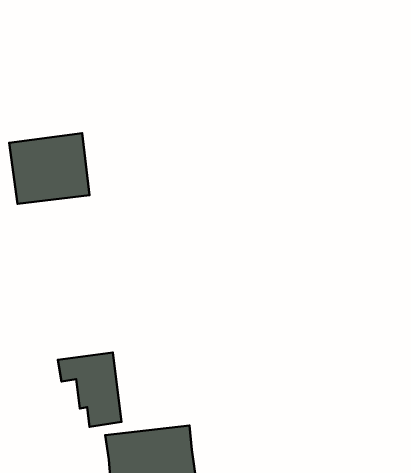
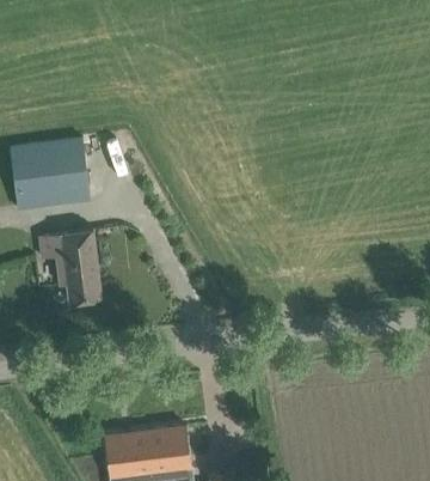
building: [58,352,121,427] -> [38,230,100,303]

